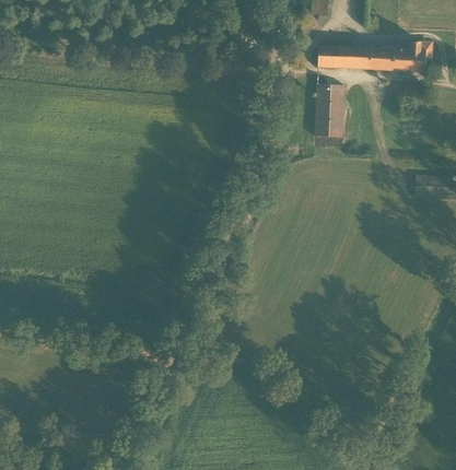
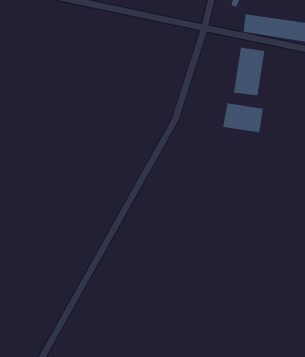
building: none -> [223,103,264,133]

